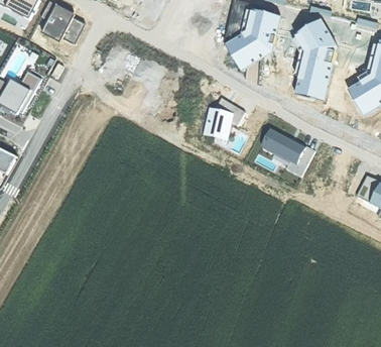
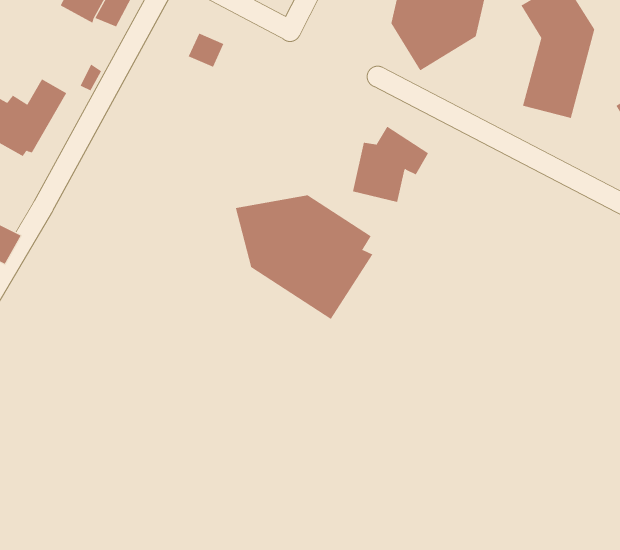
building: [261,130,312,178] -> none
building: none -> [235,194,373,320]

